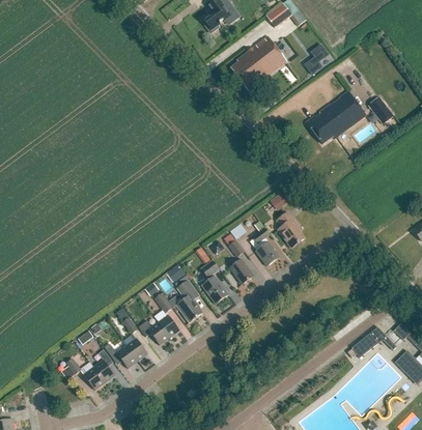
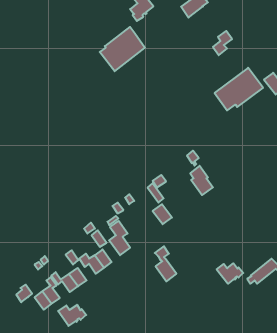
building: [230,35,286,90] -> [100,27,145,71]
building: [253,221,280,266] -> none
building: [201,260,228,304] -> [155,246,176,281]
building: none -> [217,263,243,284]
building: none -> [58,305,86,326]

